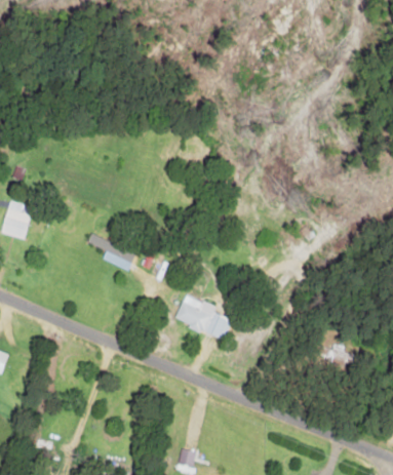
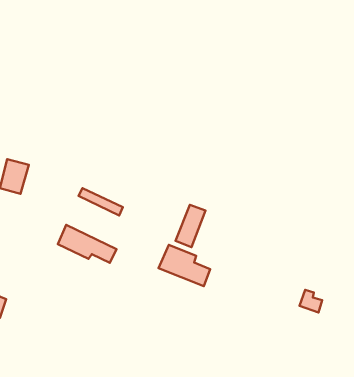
building: none -> [175,205,205,247]
building: none -> [58,225,116,263]

